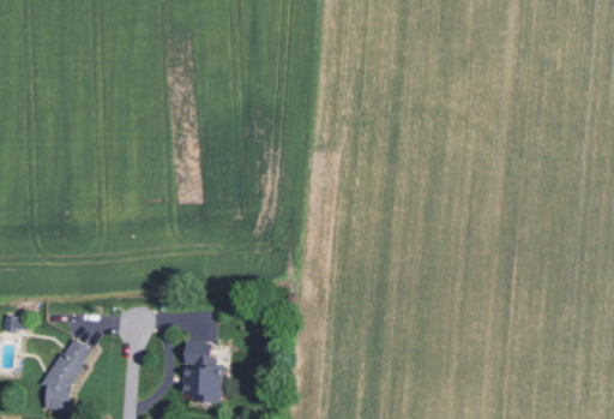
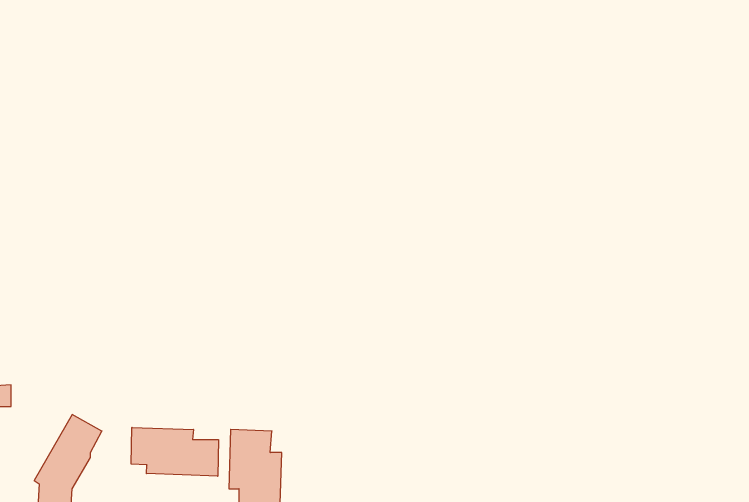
building: none -> [131,427,218,476]

